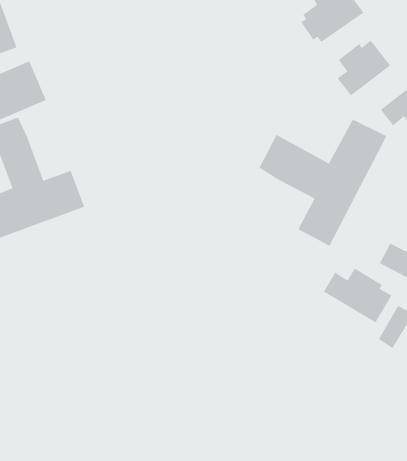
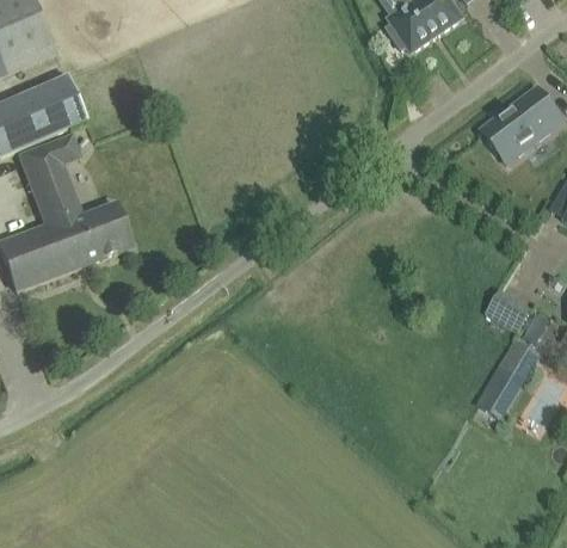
building: [336,40,391,97] -> none
building: [258,118,388,247] -> none
building: [323,268,392,323] -> none

